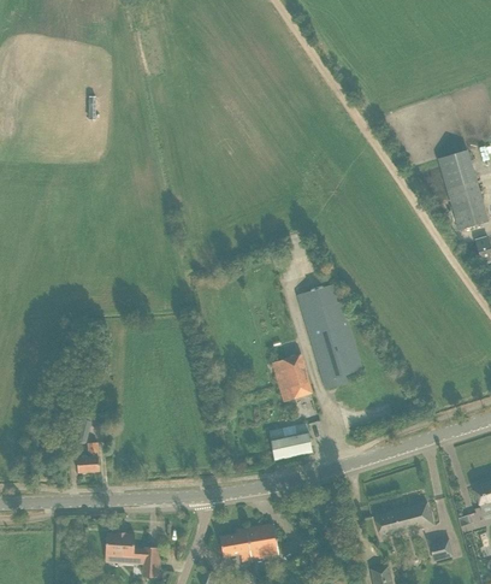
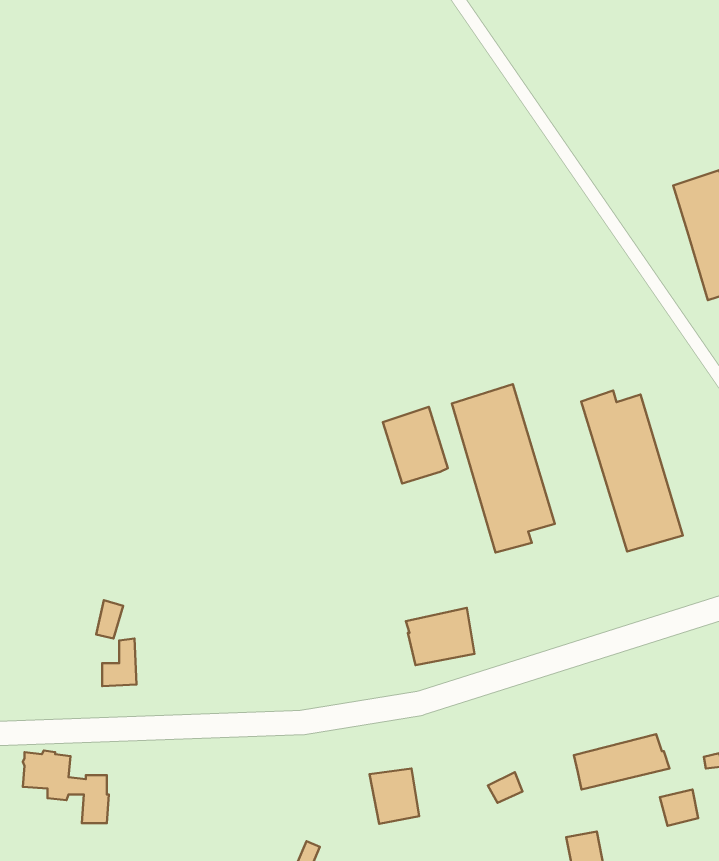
building: none -> [581,391,683,552]
building: [271,354,312,402] -> [383,407,448,483]
building: [219,529,252,562] -> none
building: [105,532,159,578] -> [23,750,109,823]

